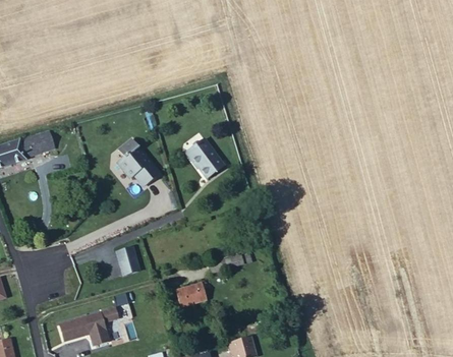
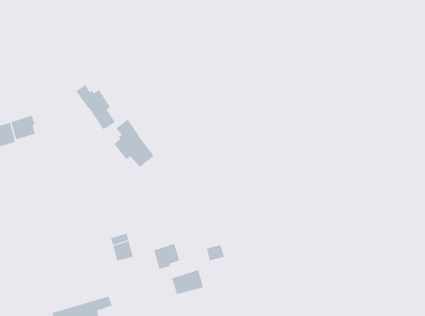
building: none -> [75,84,115,130]
building: [187,139,224,179] -> none
building: none -> [153,243,180,270]

